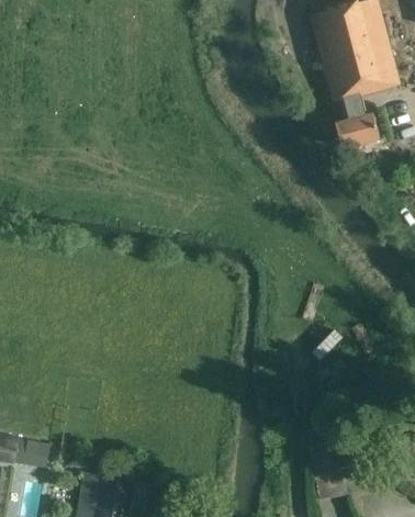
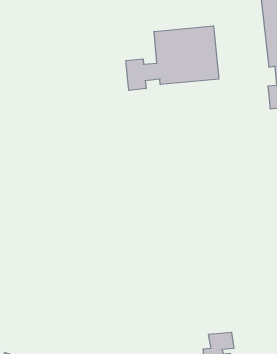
building: none -> [126,26,219,90]

